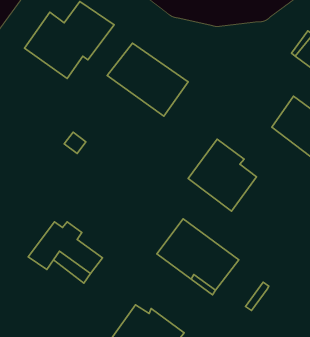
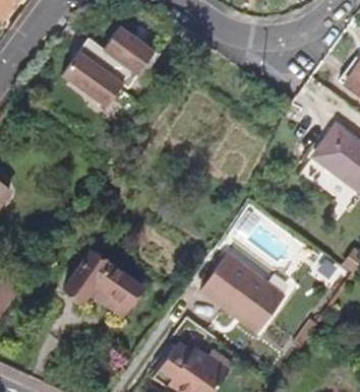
building: [107,43,188,116] -> none
building: [188,139,257,211] -> none

